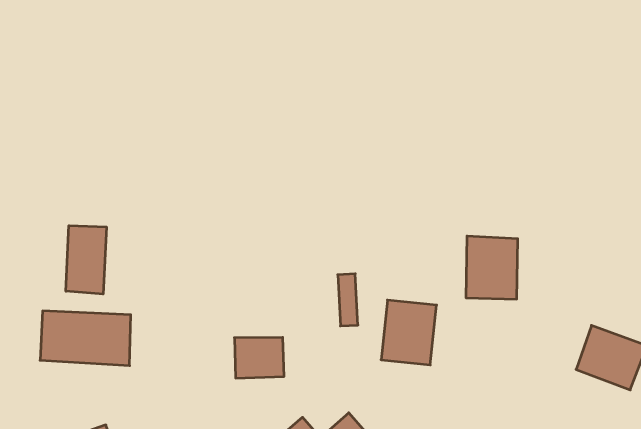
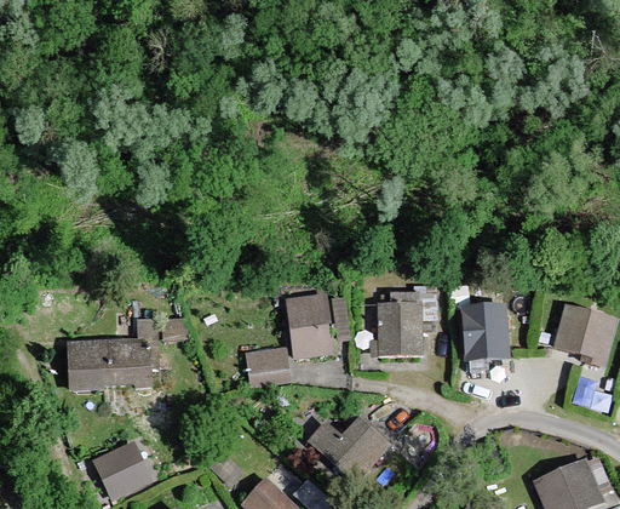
building: [66,226,106,294] -> none
building: [466,236,518,299] -> [461,304,512,362]
building: none -> [287,293,337,359]

